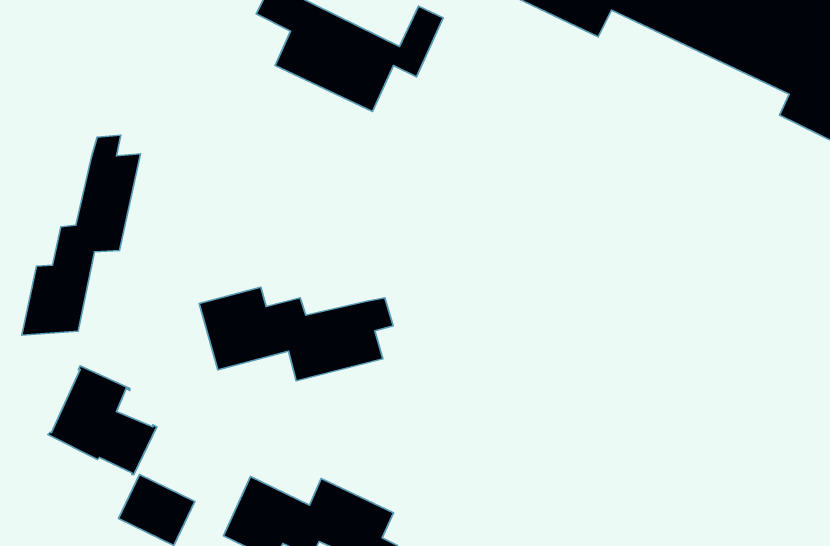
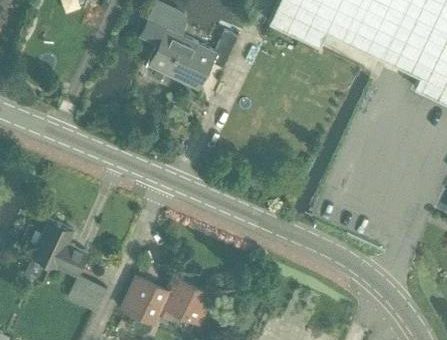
building: [22,135,140,335] -> none
building: [199,287,393,381] -> none

